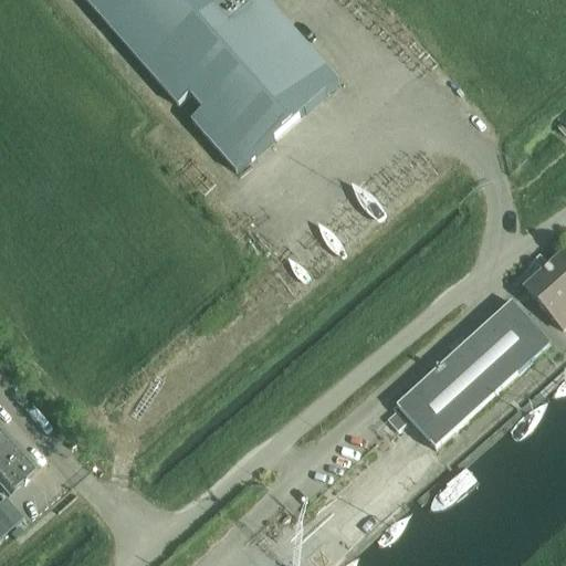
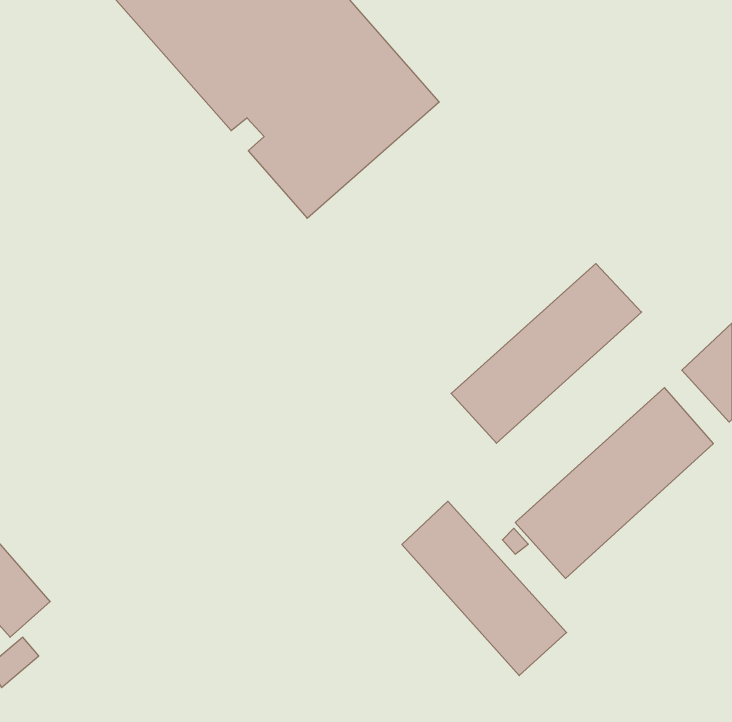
building: none -> [451,264,642,443]
building: none -> [402,501,567,676]

